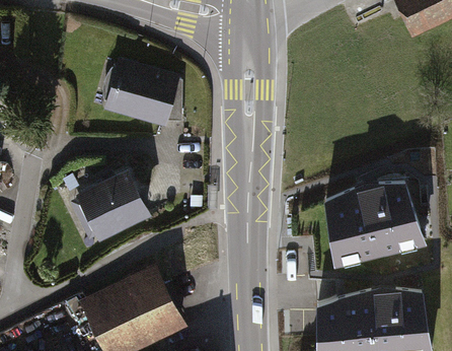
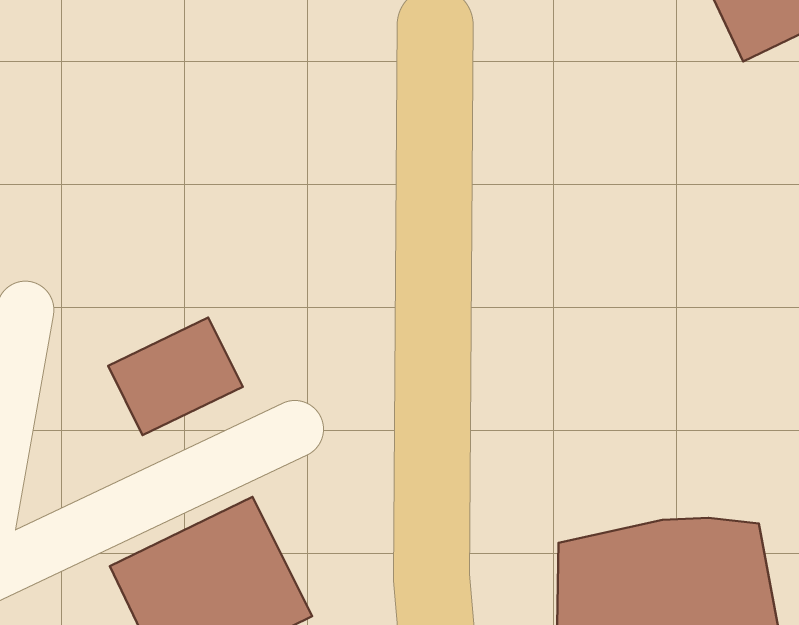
building: [109,62,179,123] -> none
building: [327,184,425,261] -> none

